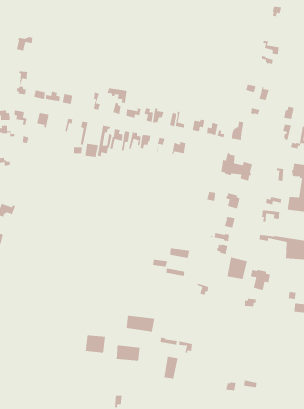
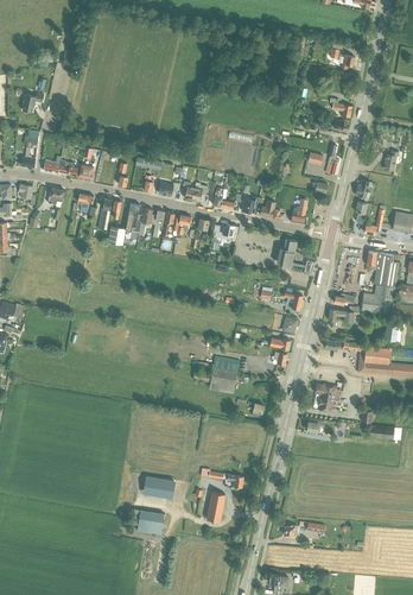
building: [226,257,248,280] -> none
building: [126,315,155,333] -> none
building: [85,334,106,353] -> [139,512,165,536]

